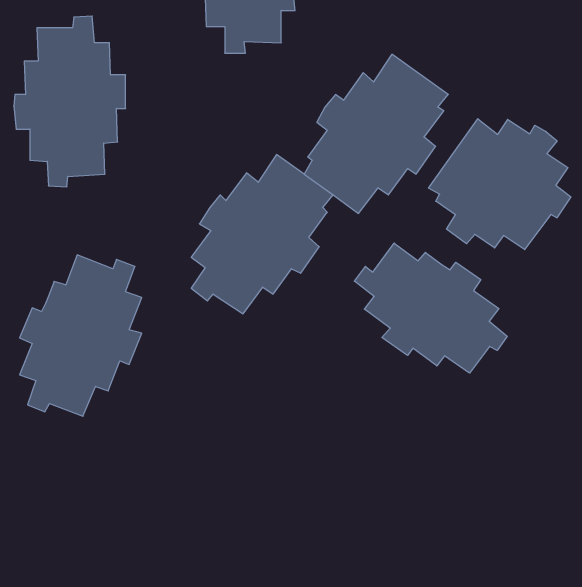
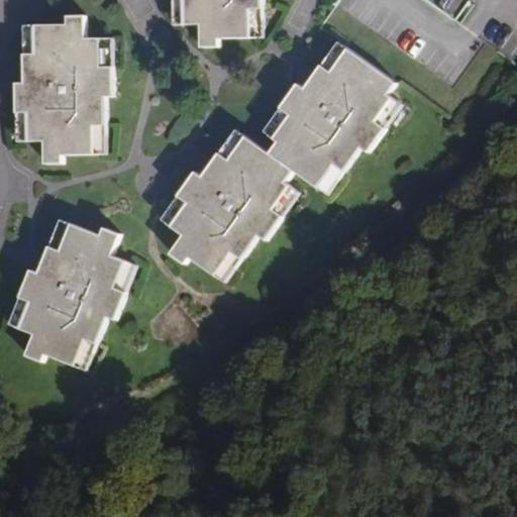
building: [429,119,571,250] -> none
building: [354,243,507,373] -> none

